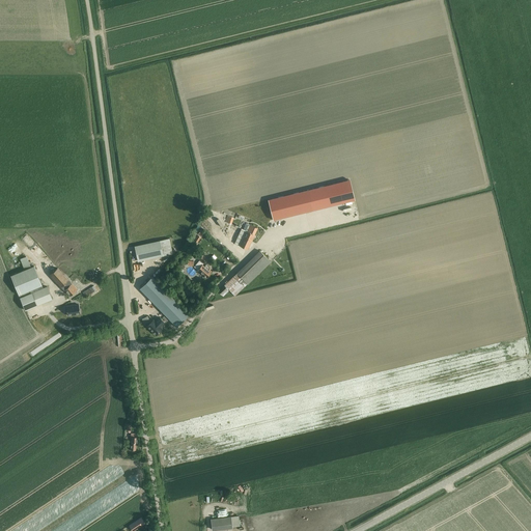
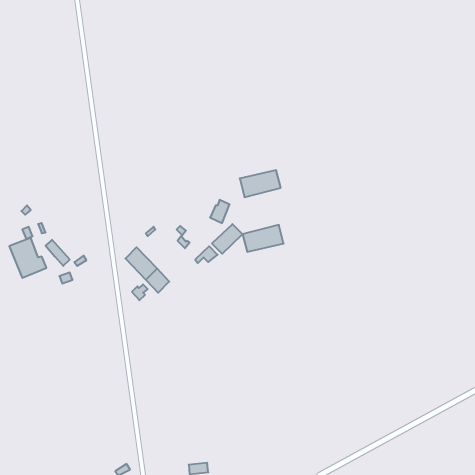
building: [308,179,354,209] -> [243,225,284,252]
building: [134,241,162,261] -> none

